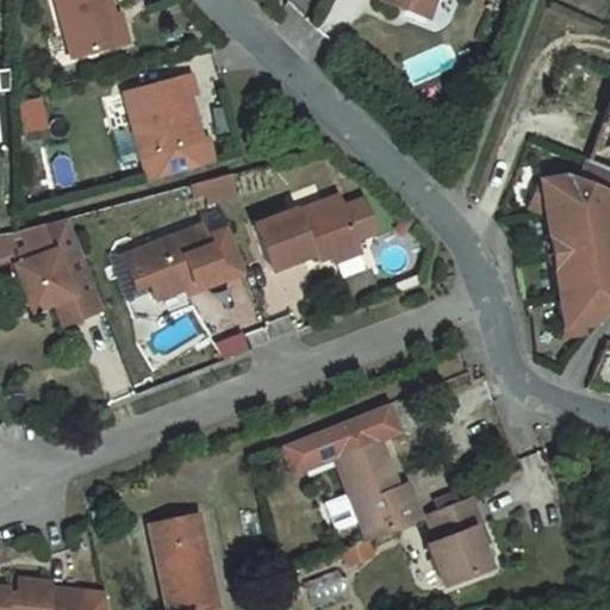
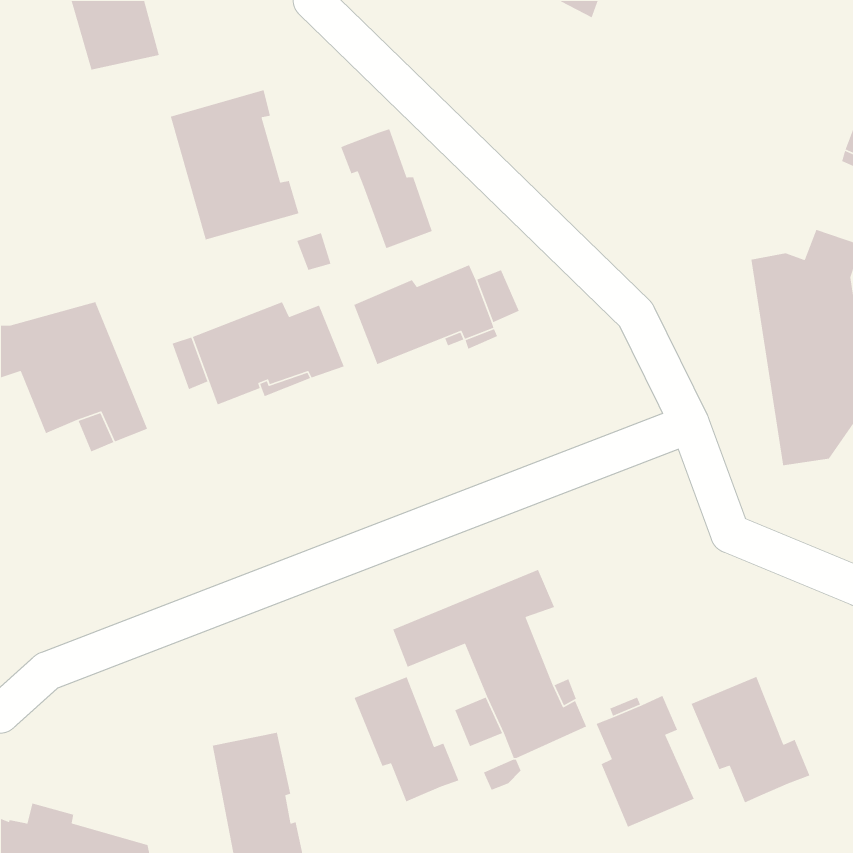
building: none -> [340,128,433,249]
building: none -> [691,676,811,803]
building: none -> [354,676,459,802]

